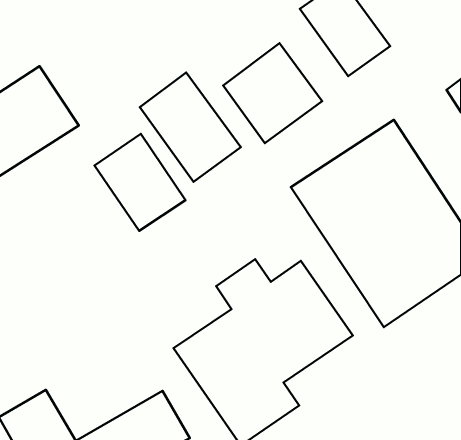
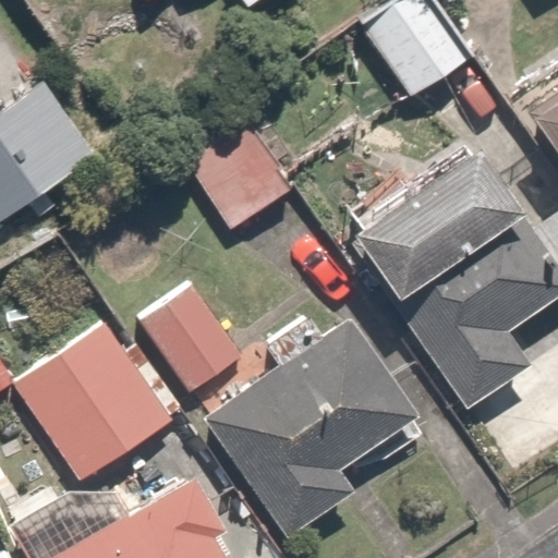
building: [223,43,322,143] -> none
building: [94,134,185,231] -> [135,279,244,396]
building: none -> [8,322,162,483]

